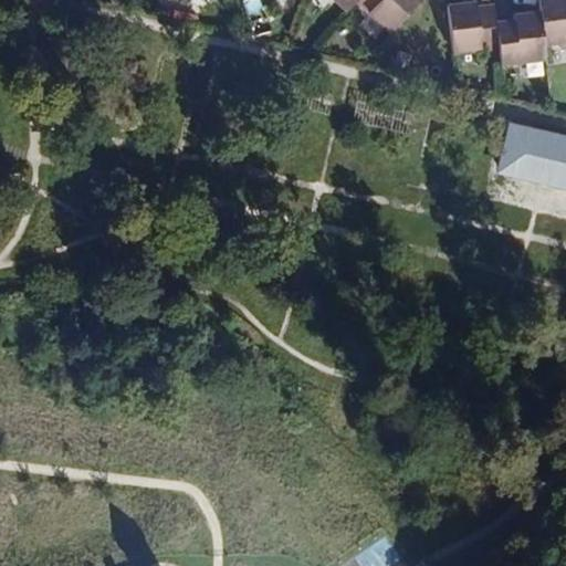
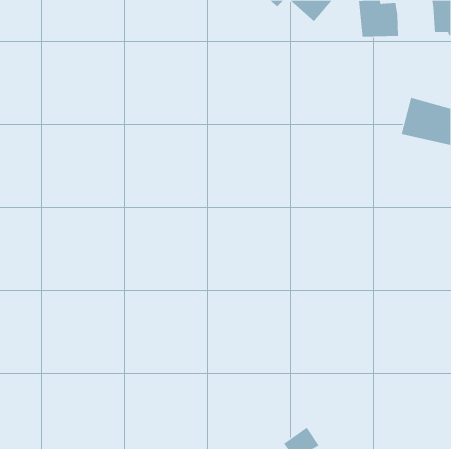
building: [499,11,546,62] -> none

